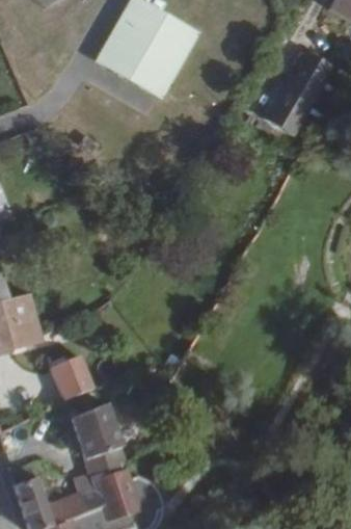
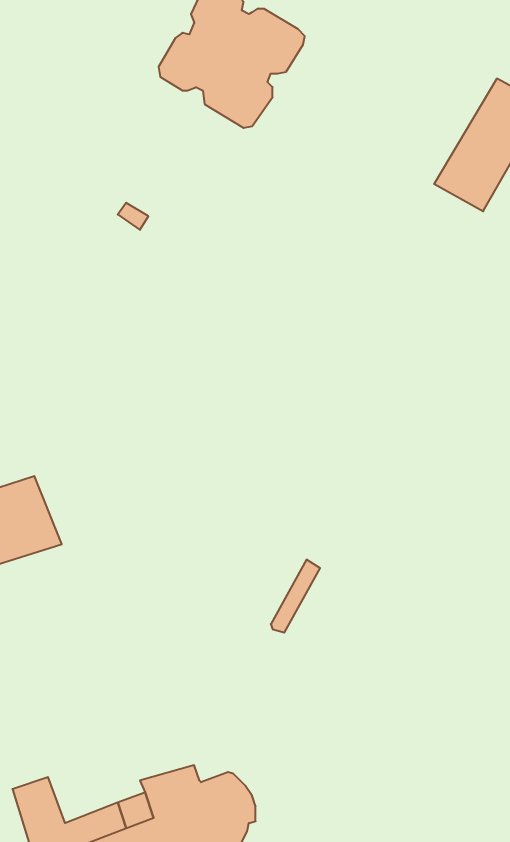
building: [50,354,84,402] -> none
building: [72,407,127,481] -> none

